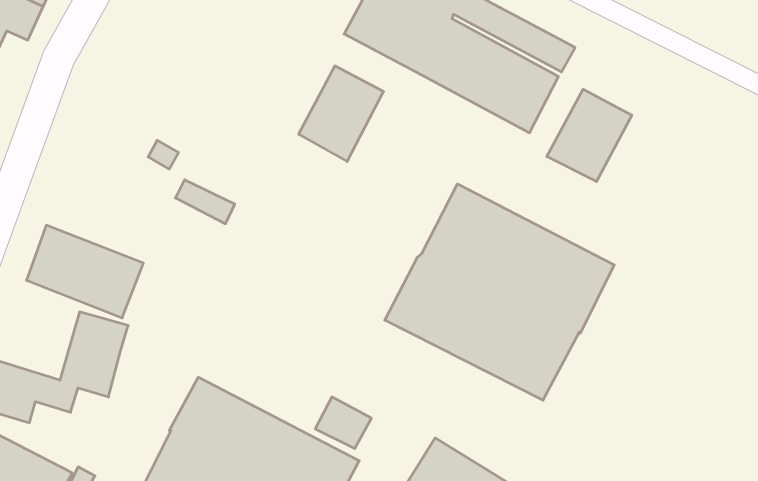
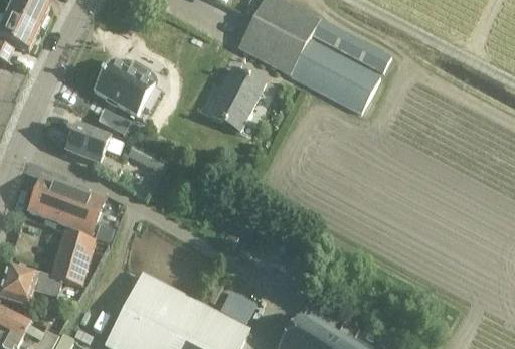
building: none -> [93,60,154,117]
building: [547,89,632,182] -> none
building: none -> [64,123,123,163]
building: [385,184,614,400] -> none

